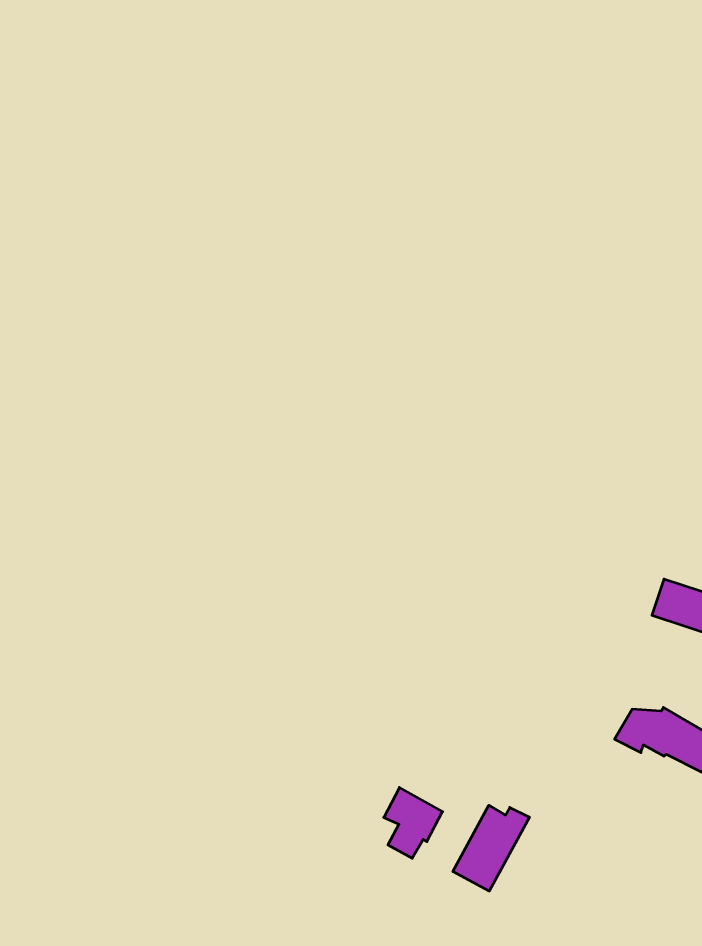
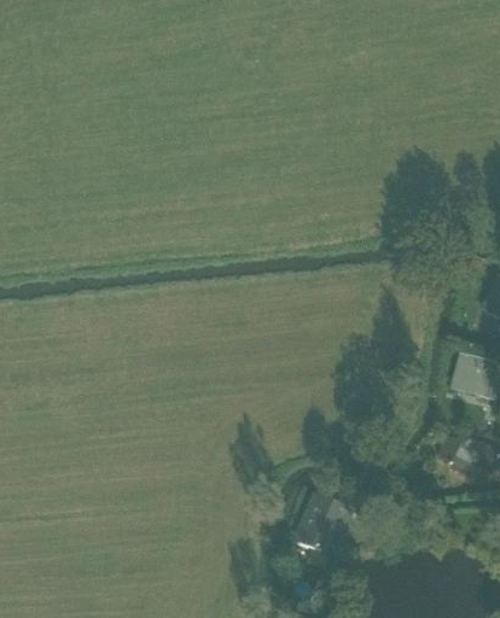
building: [453,805,529,891] -> none

